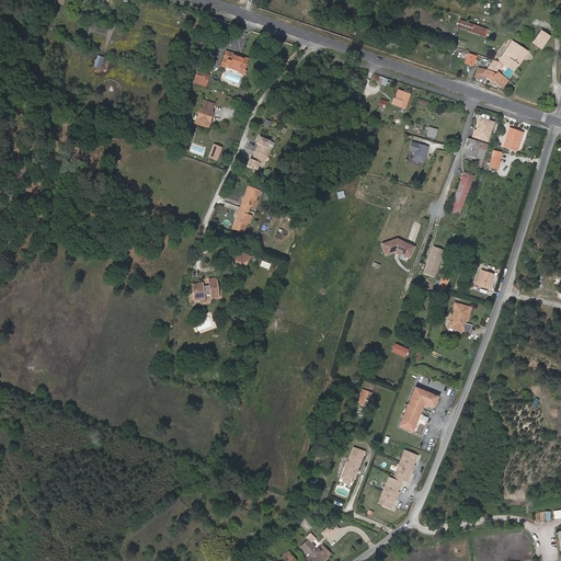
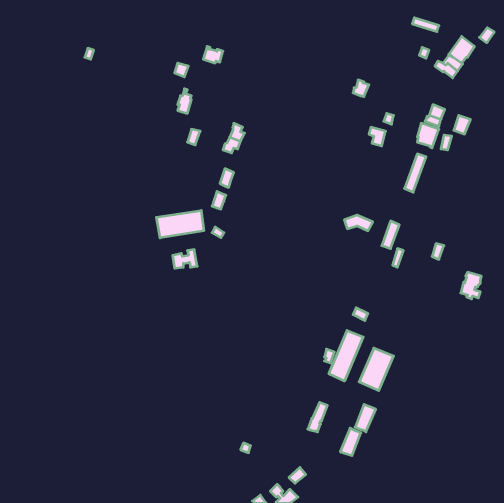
building: none -> [156,210,204,238]
building: [447,301,470,331] -> [461,272,481,299]
building: none -> [329,330,363,381]

